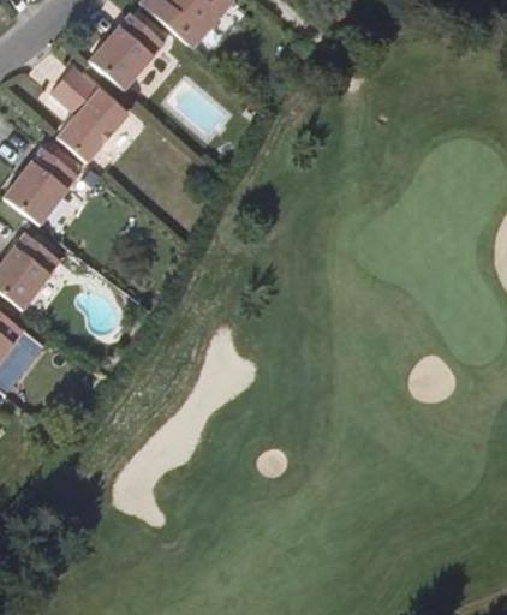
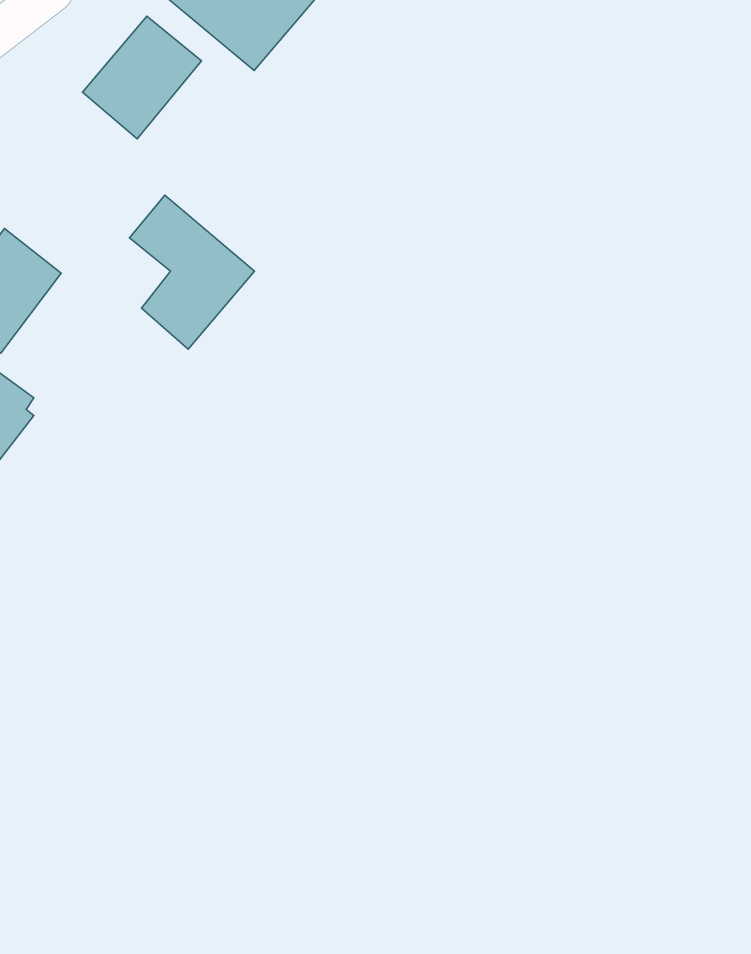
building: [52,67,129,162] -> [130,195,254,349]

